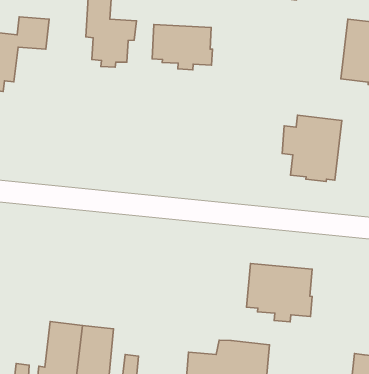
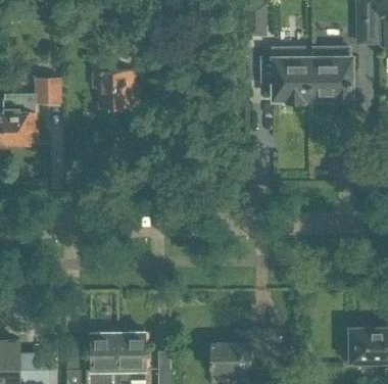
building: [152,24,212,70] -> none
building: [282,115,342,182] -> [263,49,311,102]
building: [247,263,312,322] -> none

